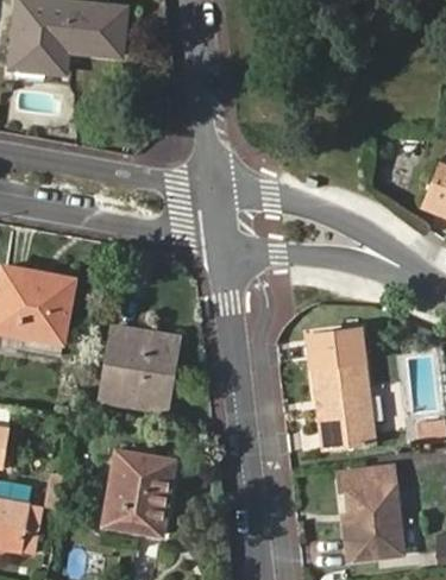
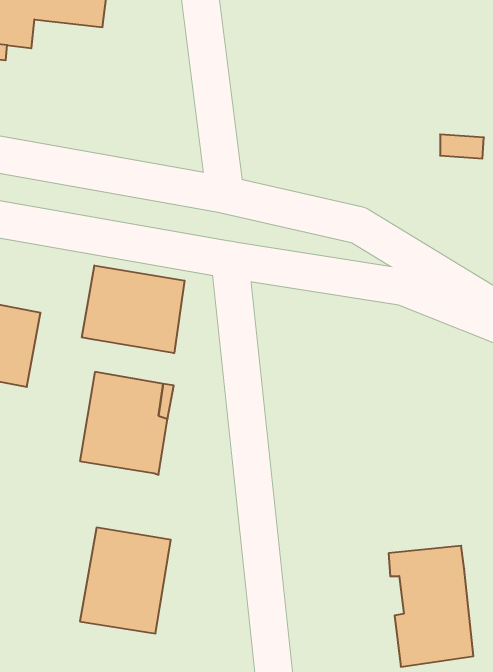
building: none -> [82,265,185,353]
building: [313,322,377,445] -> none

